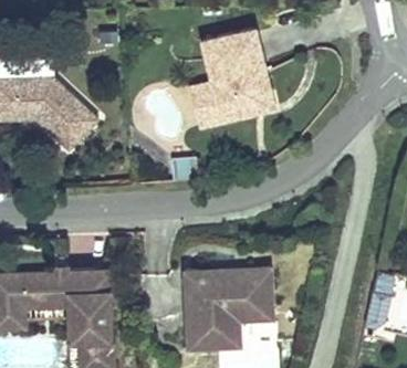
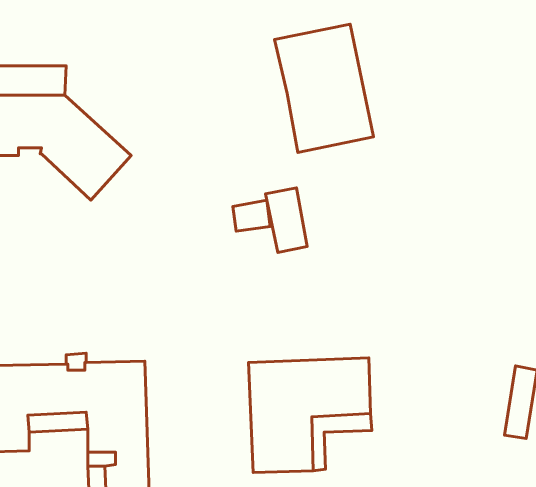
building: [190,78,220,125] -> [266,188,307,253]

